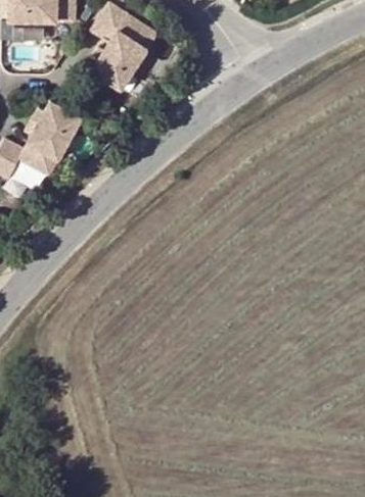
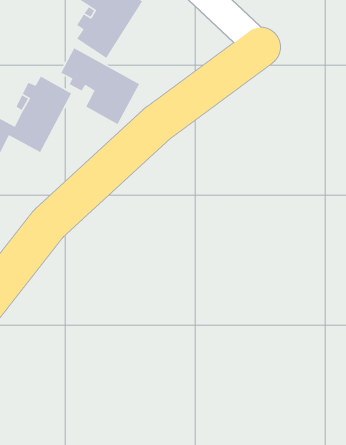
building: none -> [60,47,140,125]

